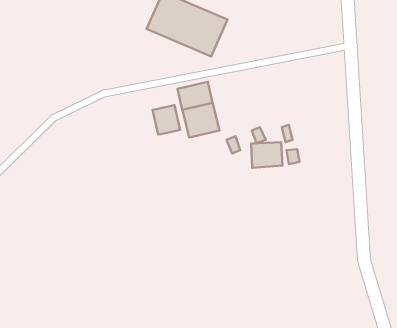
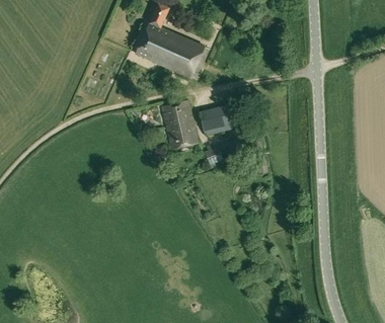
building: [152,105,180,135] -> none
building: [251,142,282,168] -> [207,108,234,131]

